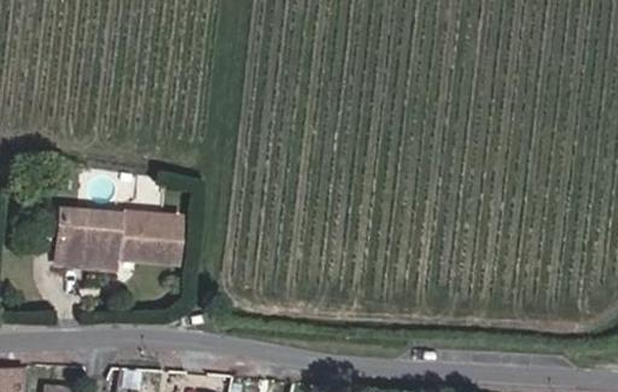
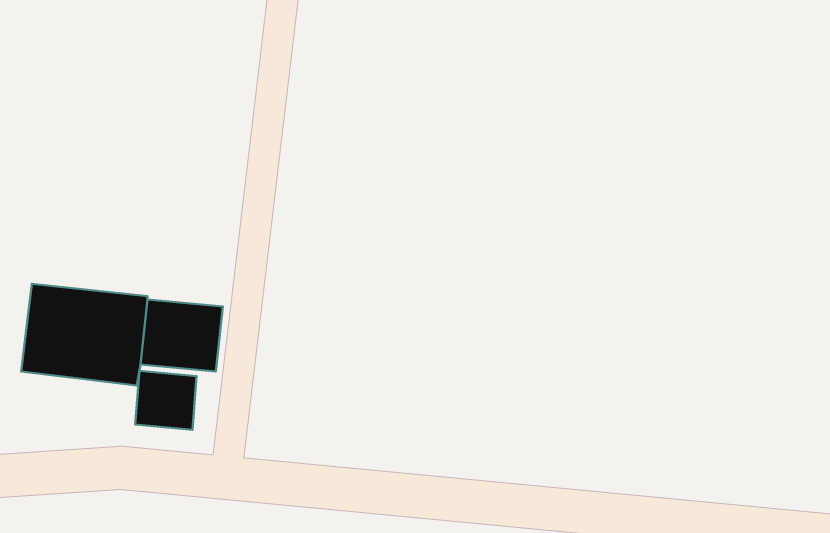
building: none -> [135,371,197,430]

